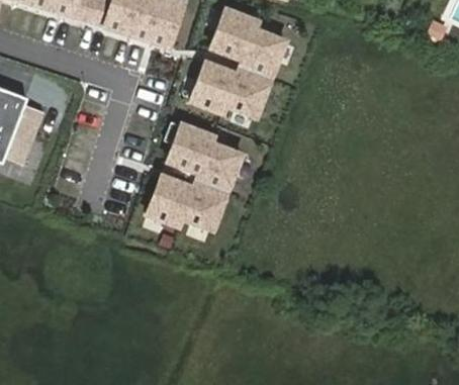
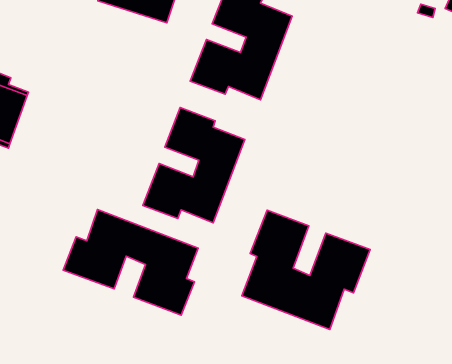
building: none -> [63,210,198,315]
building: none -> [242,210,370,329]

